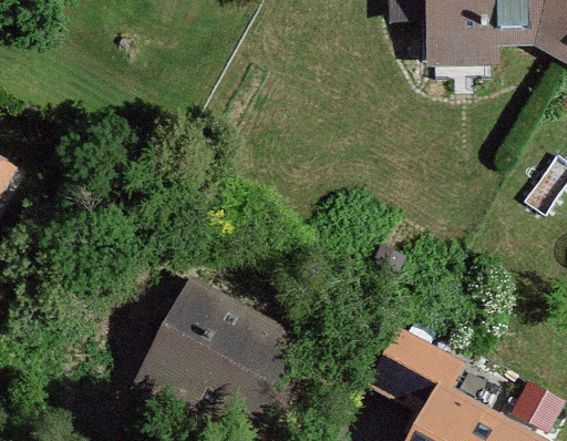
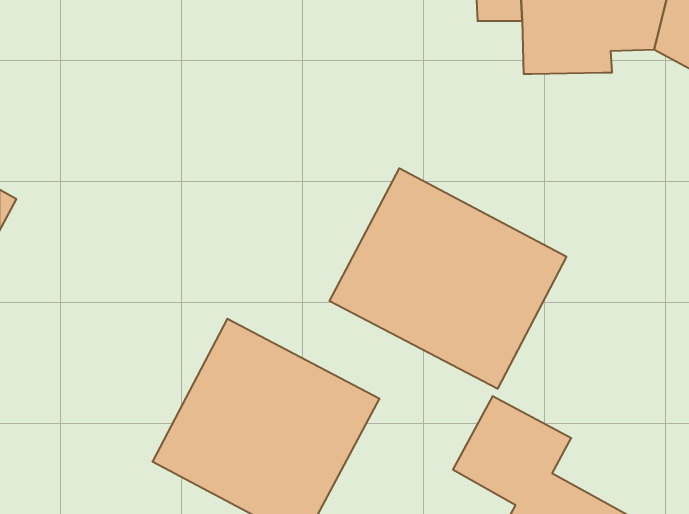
building: none -> [329,168,566,389]

